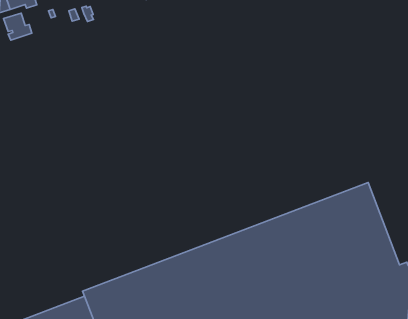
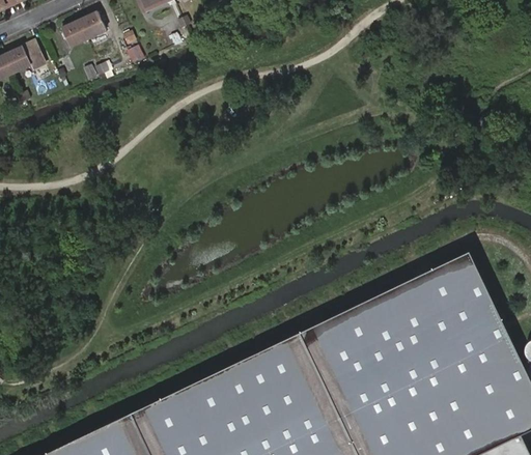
building: [3,13,32,40] -> none

